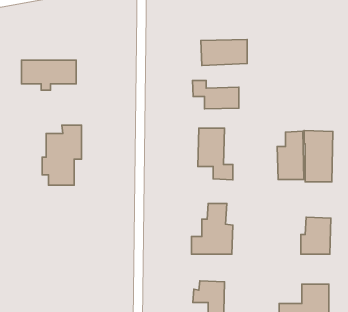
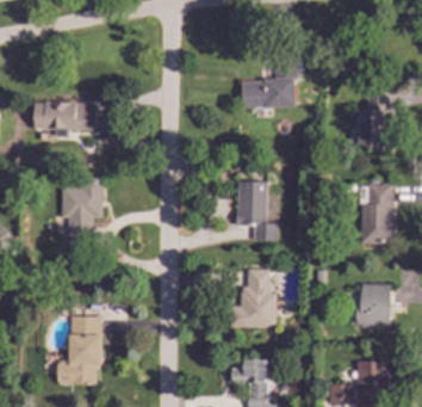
building: [192,81,239,109] -> none
building: [277,131,304,180] -> [358,91,389,147]
building: none -> [58,315,103,383]

